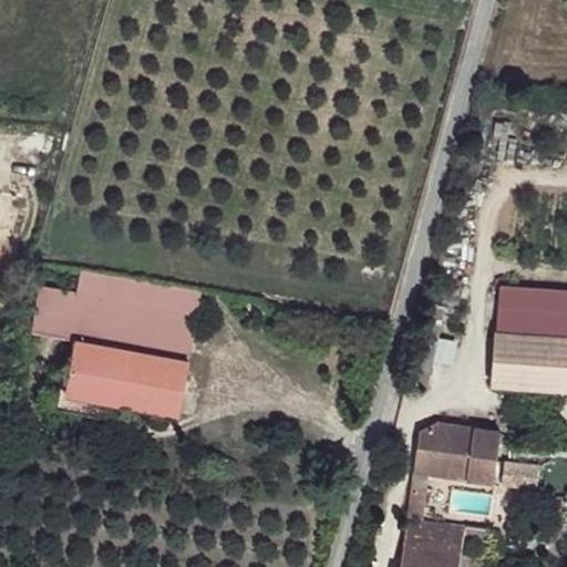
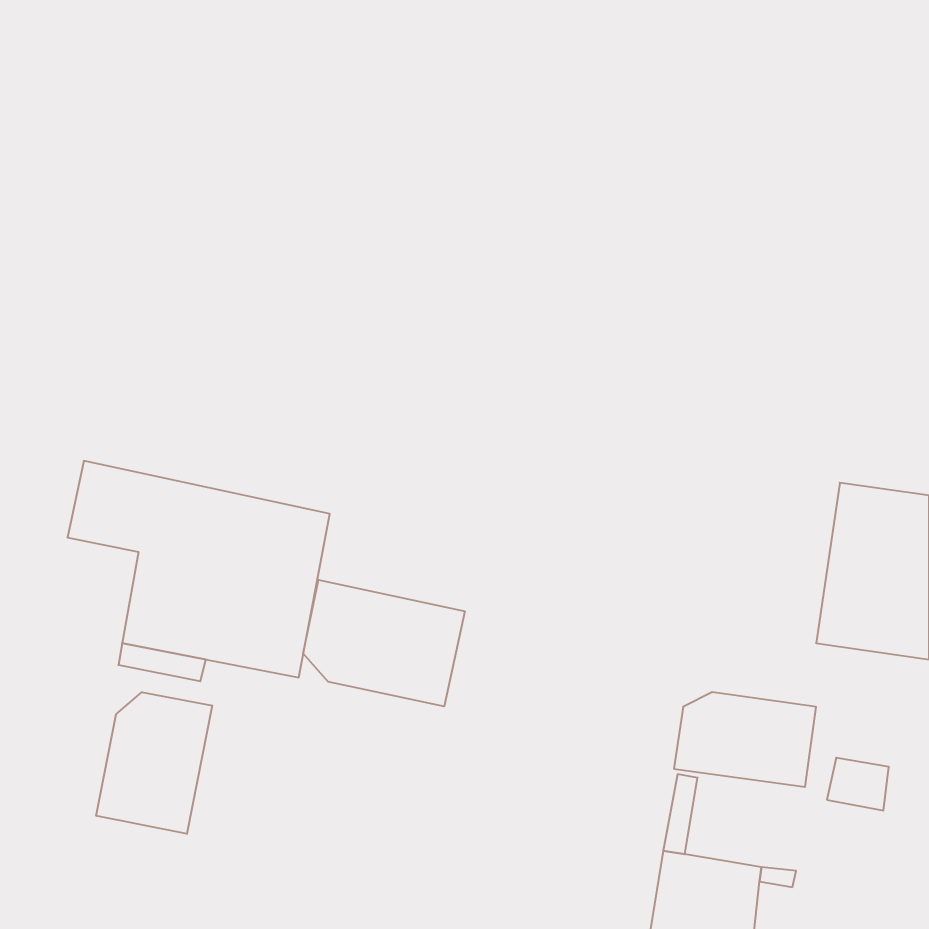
building: none -> [303,580,465,706]
building: none -> [96,692,212,834]

